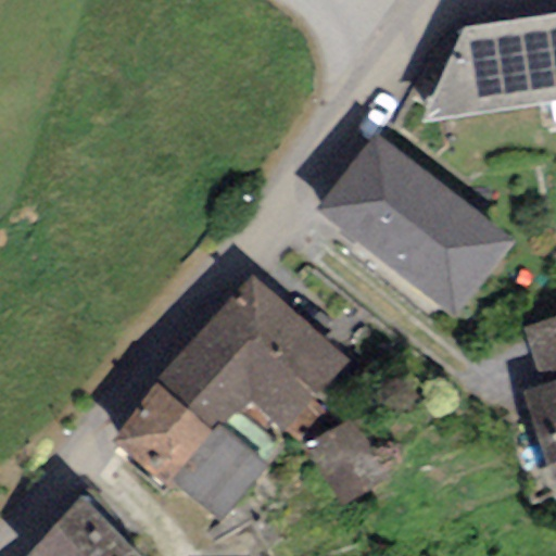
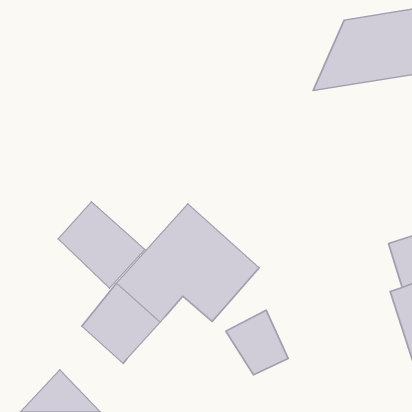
building: [318,134,519,320] -> none
building: none -> [58,202,145,288]
building: [173,425,269,521] -> none

